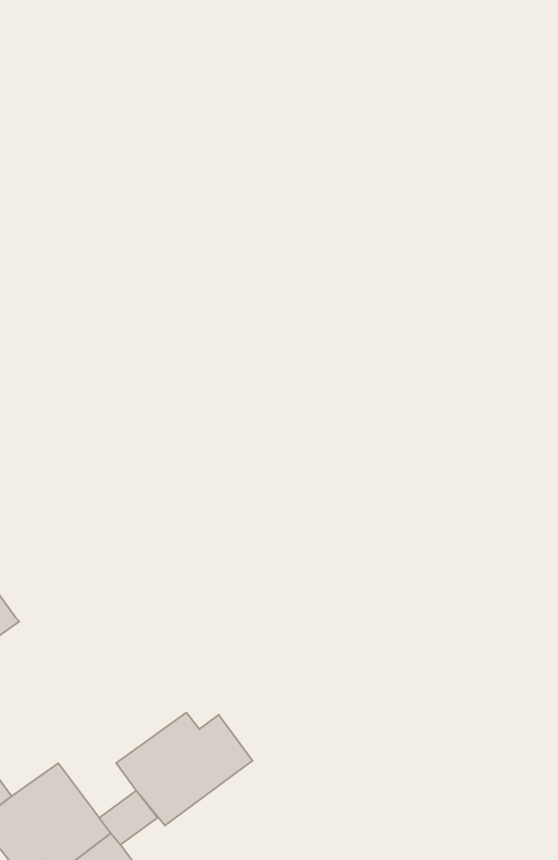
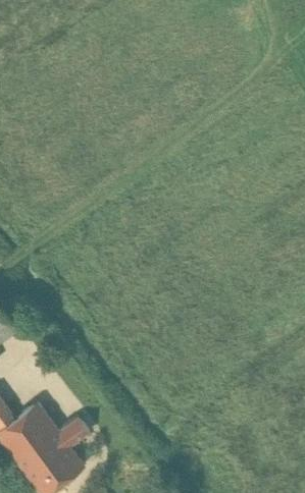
building: [116,713,253,826] -> none

